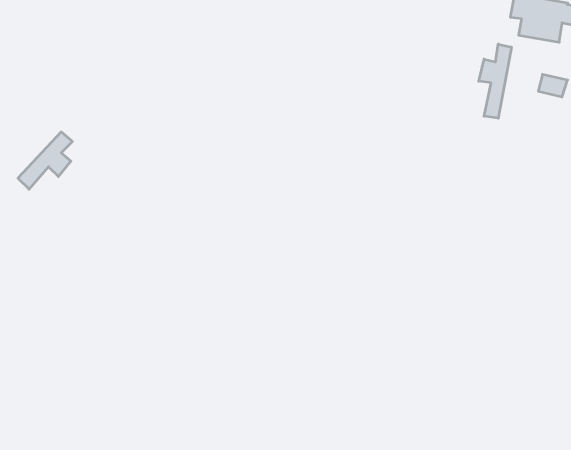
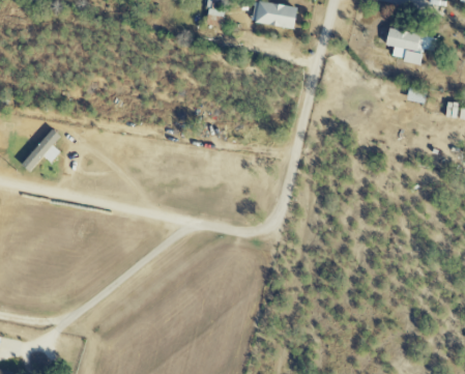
building: [479,44,511,118] -> none

